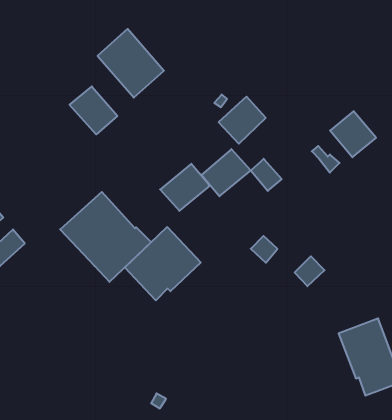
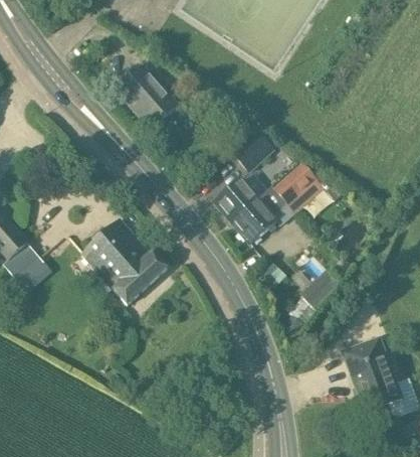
building: [70,86,117,134] -> none
building: [330,111,376,157] -> [276,168,320,211]
building: [160,164,209,211] -> [231,198,277,243]
building: [125,227,201,300] -> none

